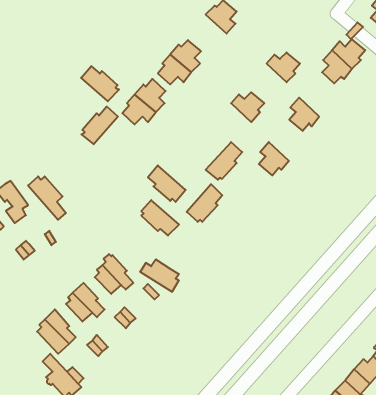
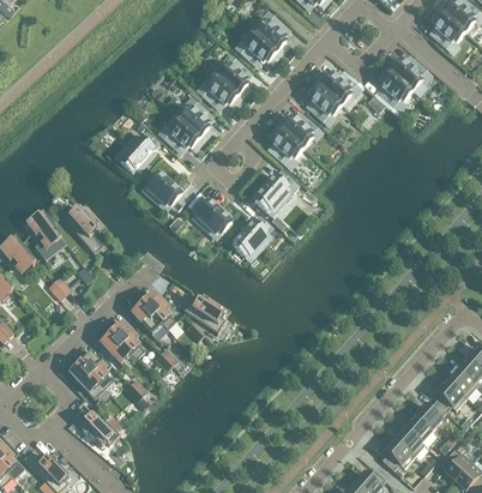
building: none -> [240,32,276,65]
building: [81,66,119,101] -> none
building: [289,98,319,131] -> [308,85,341,121]
building: [259,142,289,175] -> [270,128,302,164]
building: [141,200,179,236] -> [146,173,187,211]

